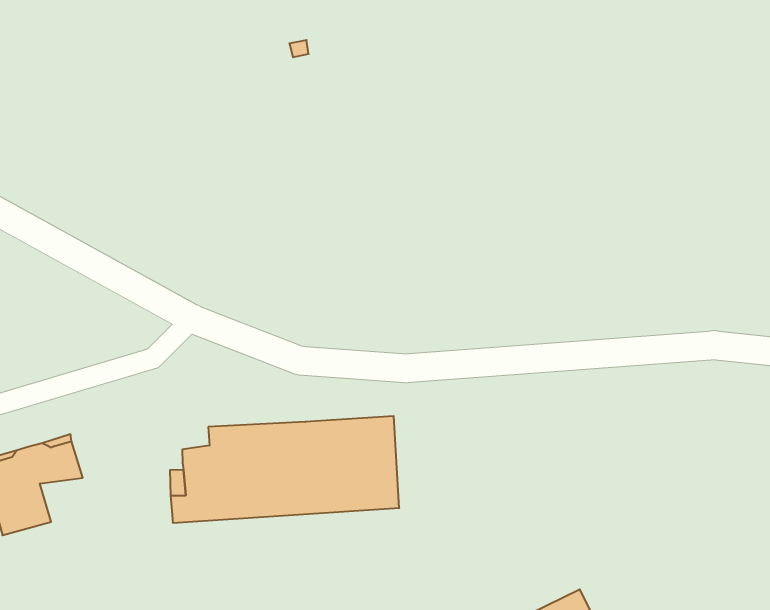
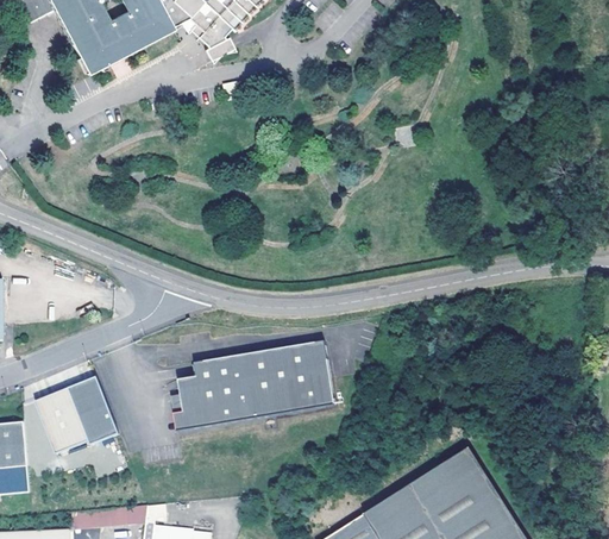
building: none -> [81,406,121,444]

